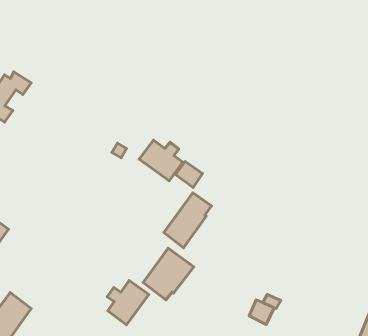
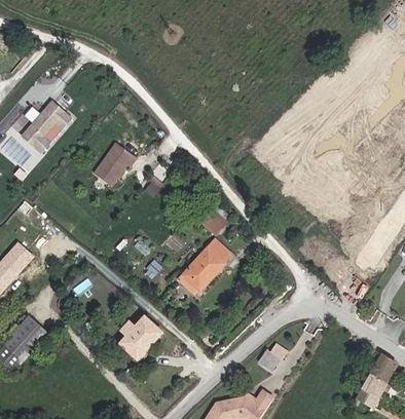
building: none -> [91,146,135,189]
building: [139,140,183,181] -> none
building: [143,248,194,300] -> none

